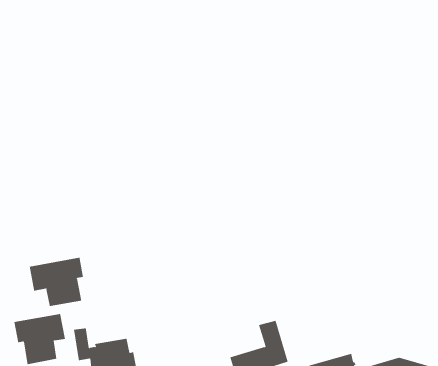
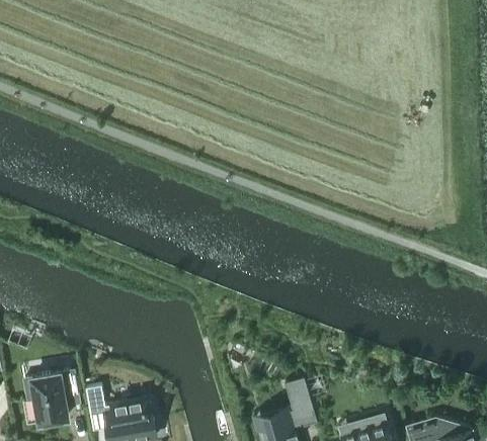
building: [29,257,83,307] -> none

